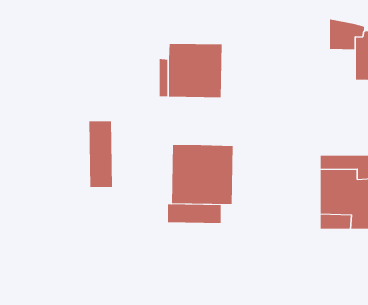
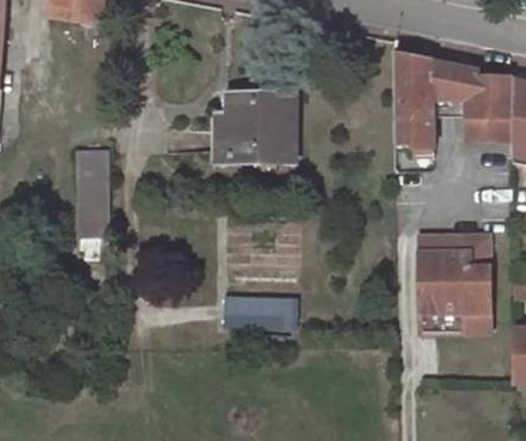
building: none -> [394,52,434,149]
building: [88,121,113,187] -> [79,150,110,235]
building: [171,144,233,205] -> none

